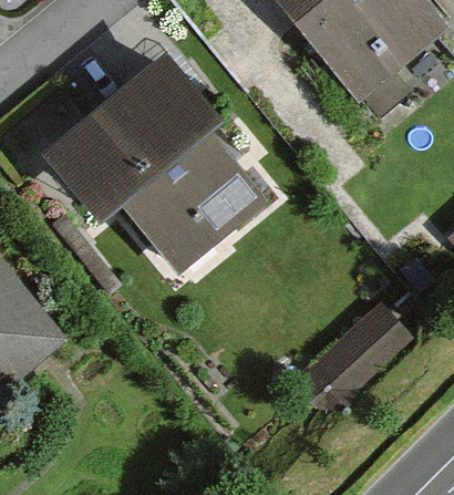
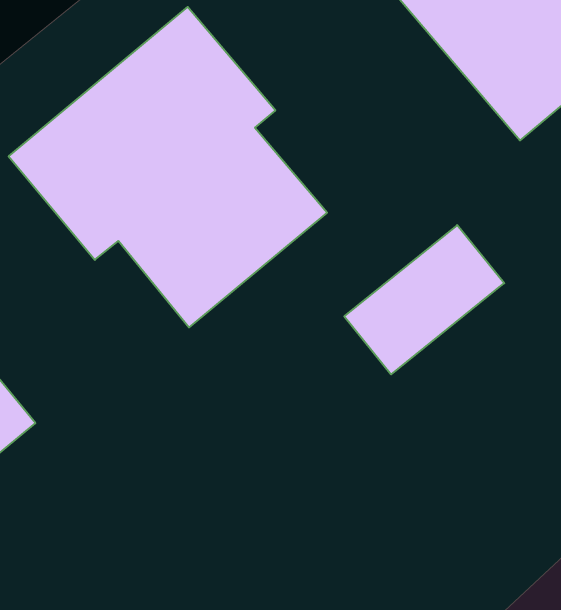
building: [291,308,404,413] -> [344,225,504,374]

